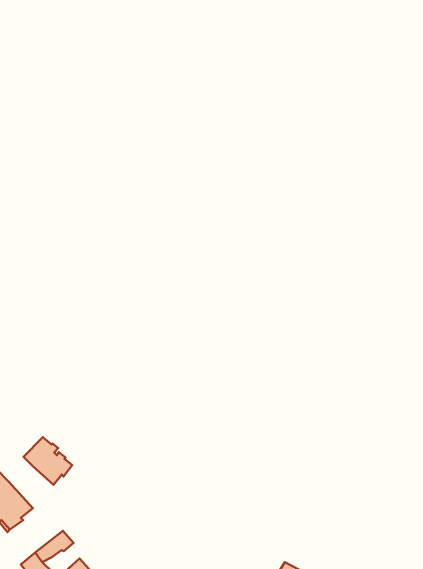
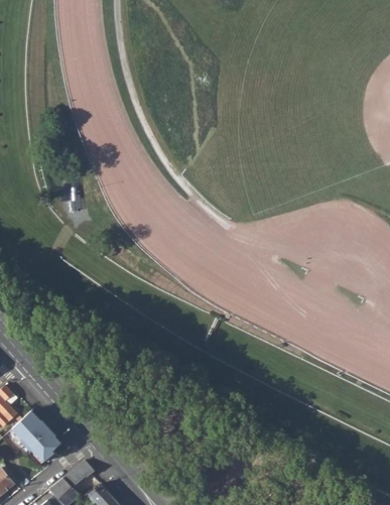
building: [23,437,72,485] -> none

